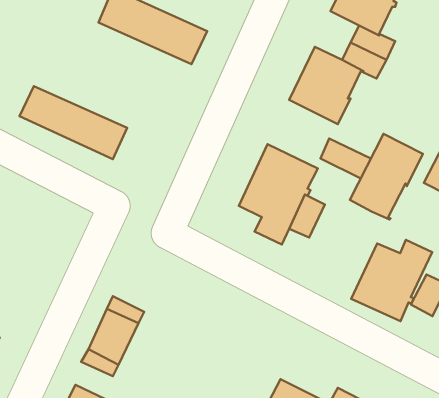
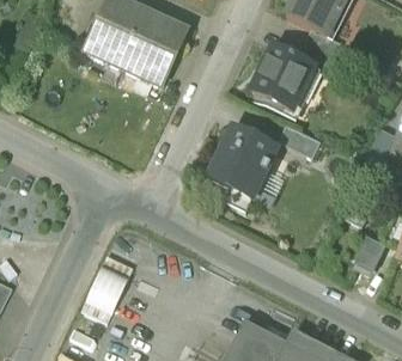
building: [20,86,127,159] -> [81,25,171,86]
building: [350,134,423,220] -> none
building: [351,240,432,321] -> none

